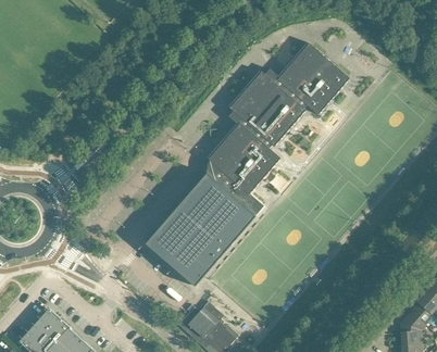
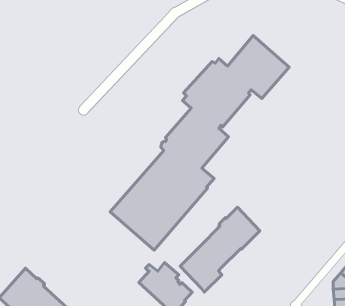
building: none -> [180,207,260,292]

